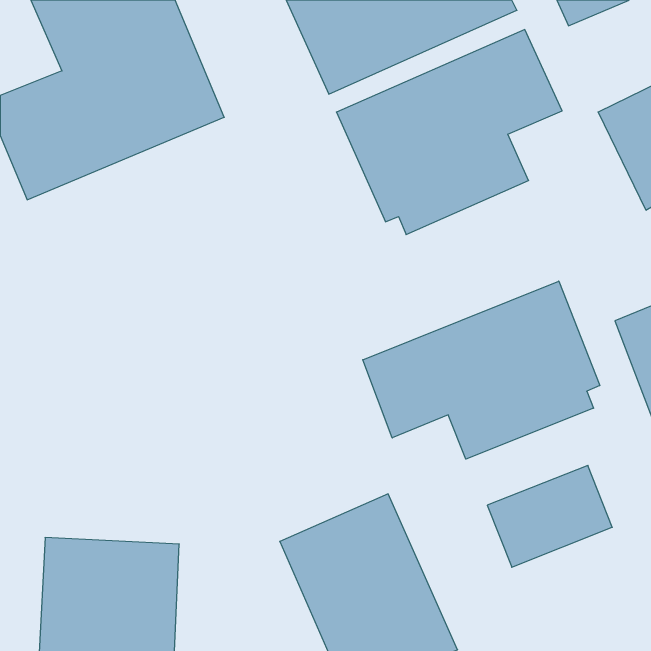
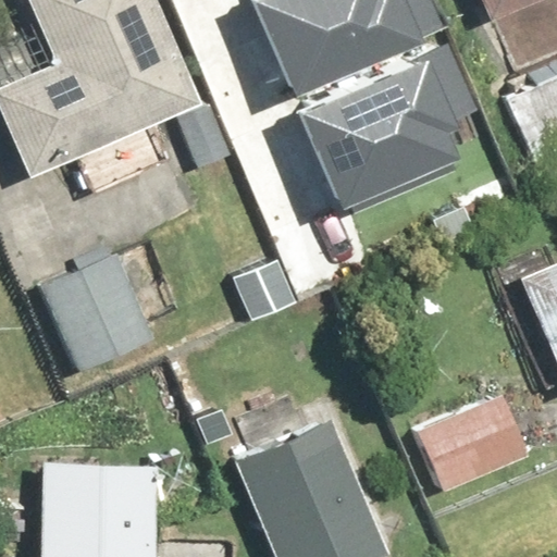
building: [363,281,600,459] -> none
building: none -> [42,258,153,371]

